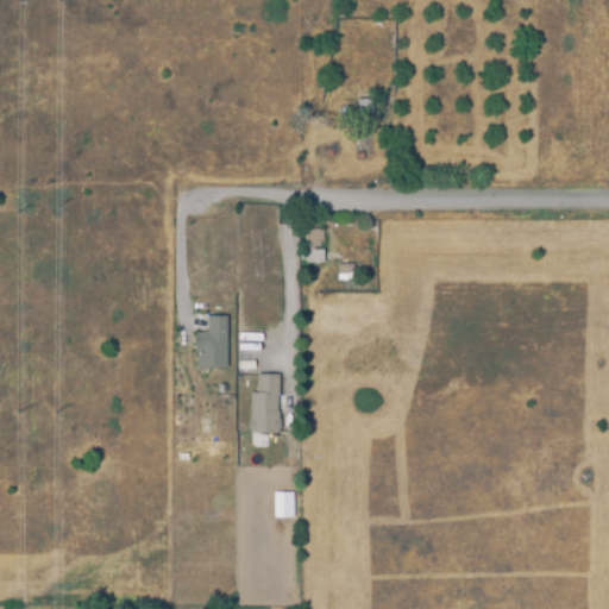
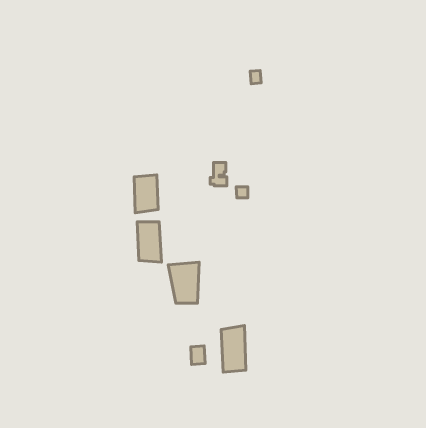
building: none -> [134,175,158,213]
building: none -> [221,325,246,372]

